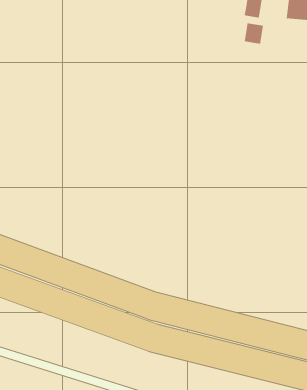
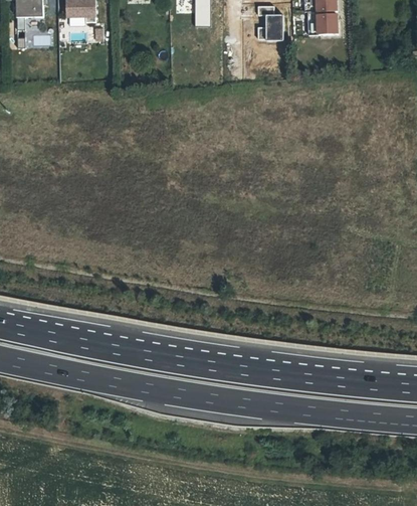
building: [244,23,264,45] -> none

